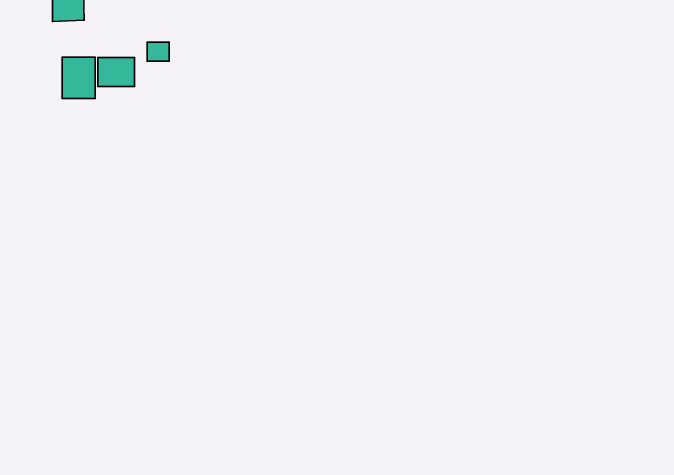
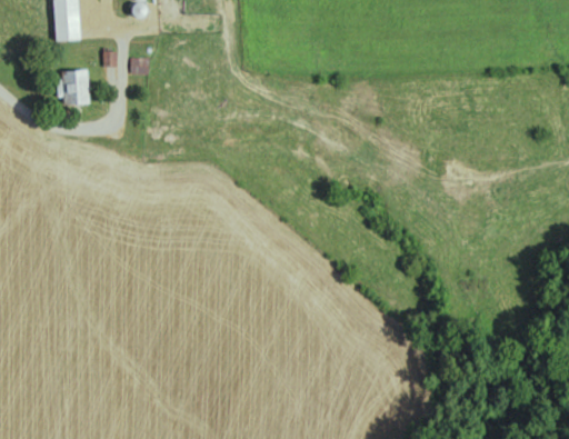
building: [98,58,135,87] -> none

